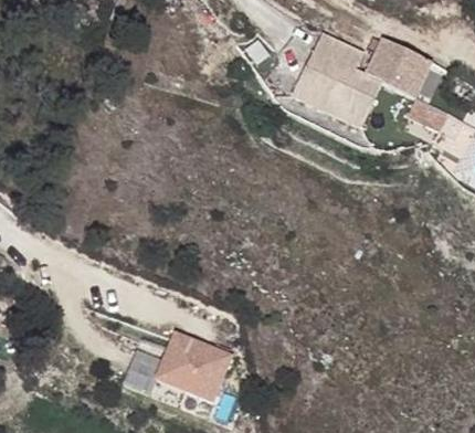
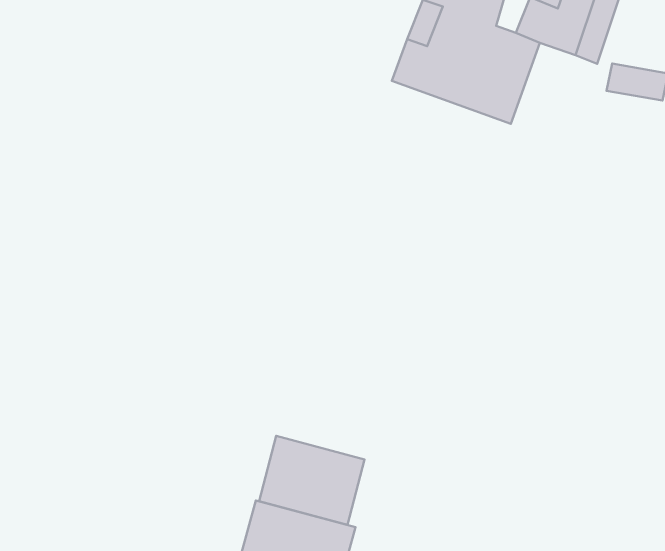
building: none -> [259,436,365,525]

